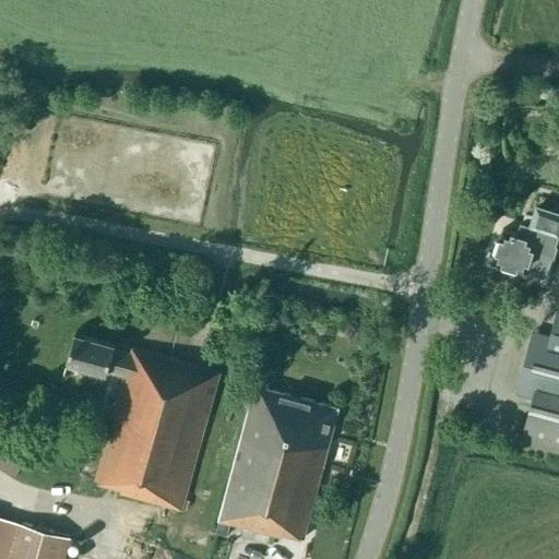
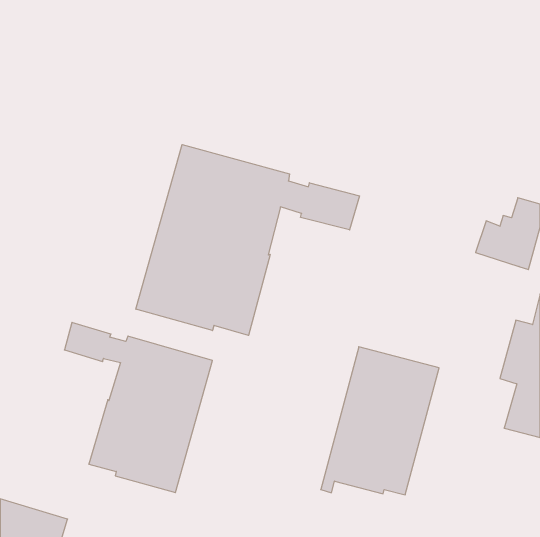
building: none -> [136,145,359,335]
building: [216,388,338,540] -> [321,347,439,495]

